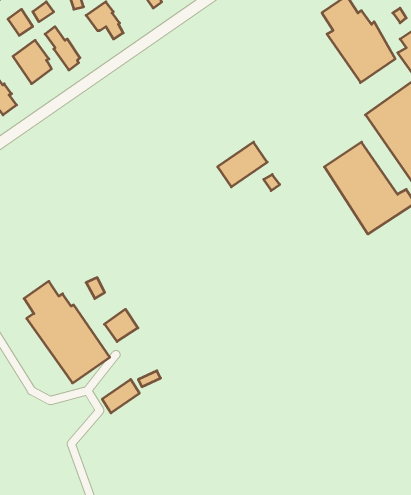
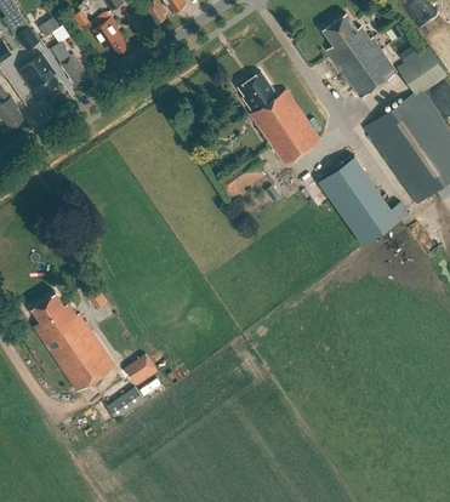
building: none -> [238,72,320,164]
building: [104,309,138,342] -> [125,354,158,386]

